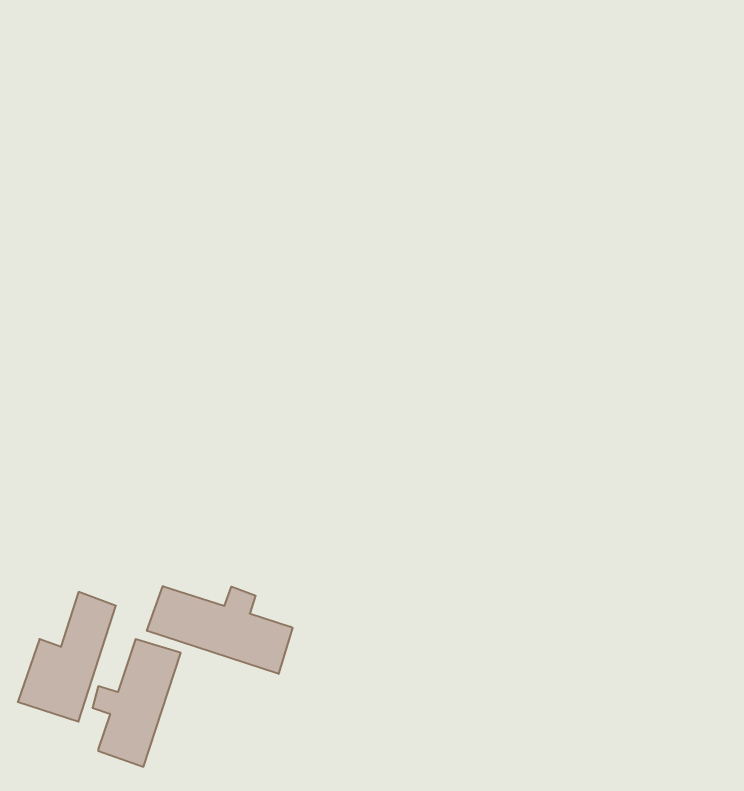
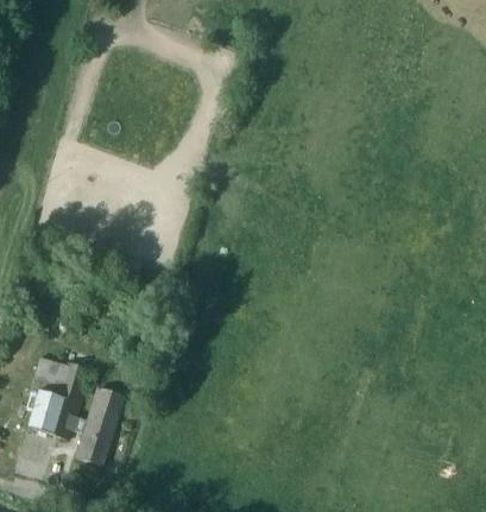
building: [147,586,293,674] -> none

